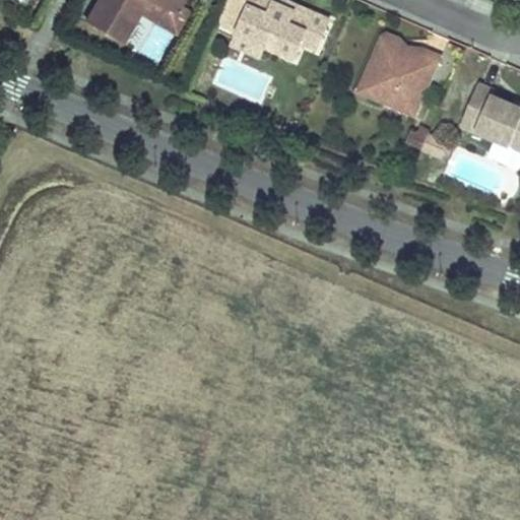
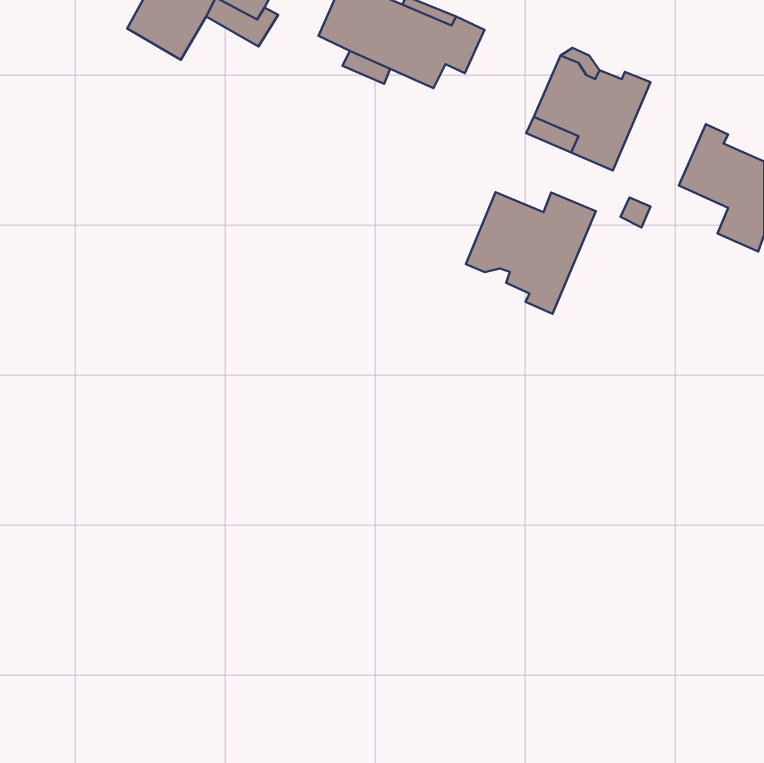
building: none -> [466,192,596,314]

